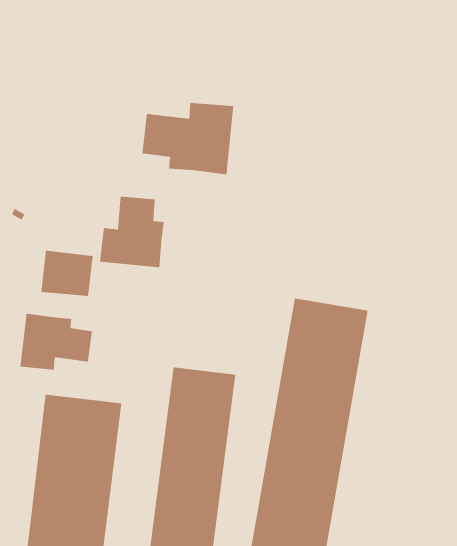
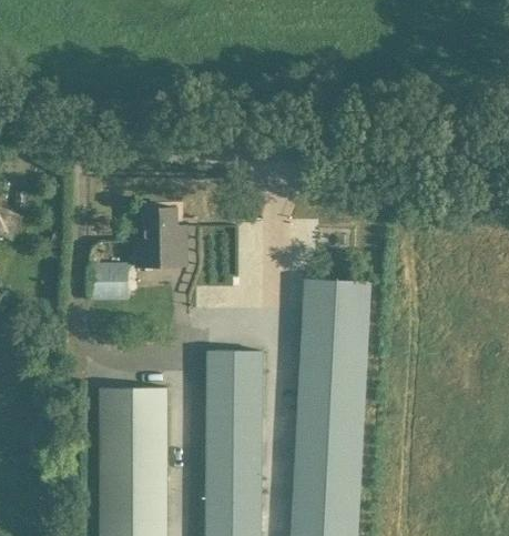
building: [142,102,234,175] -> none
building: [20,313,92,370] -> none

